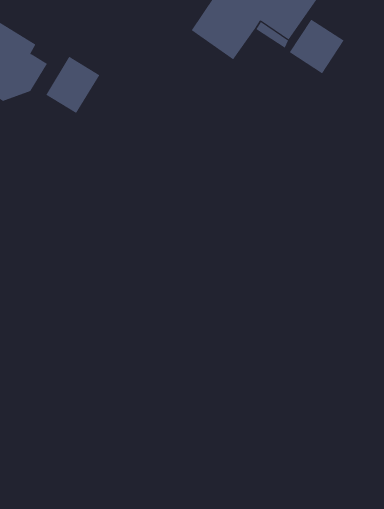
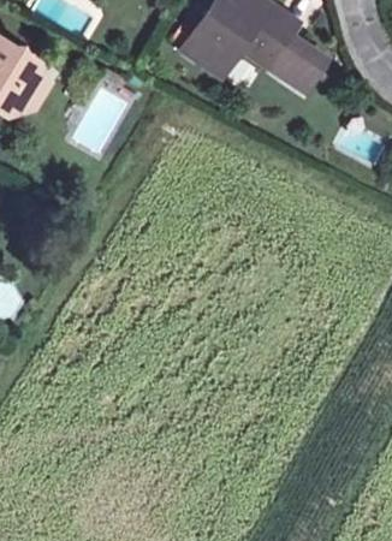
building: [45,56,100,114] -> none

